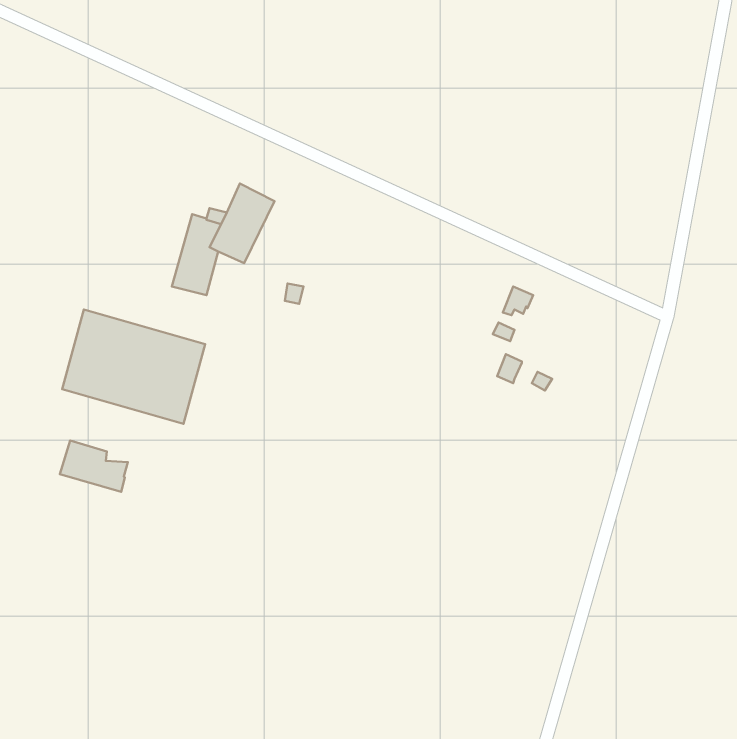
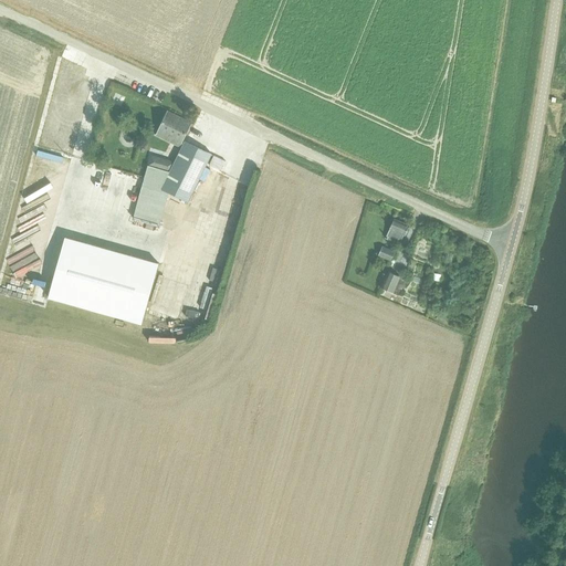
building: none -> [157,112,189,143]
building: [60,441,128,492] -> none

